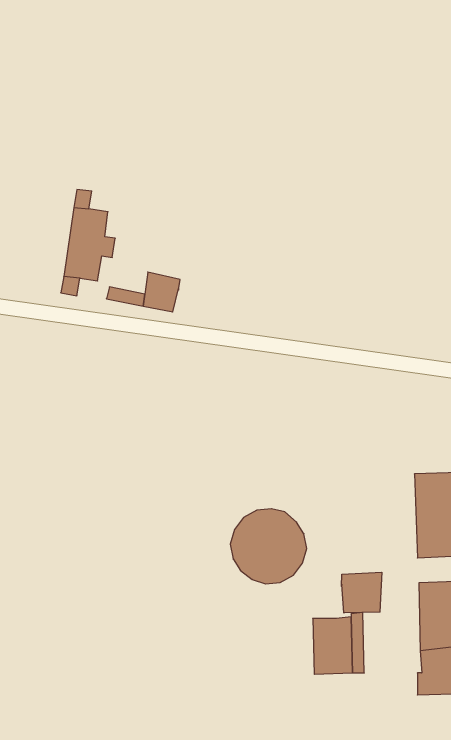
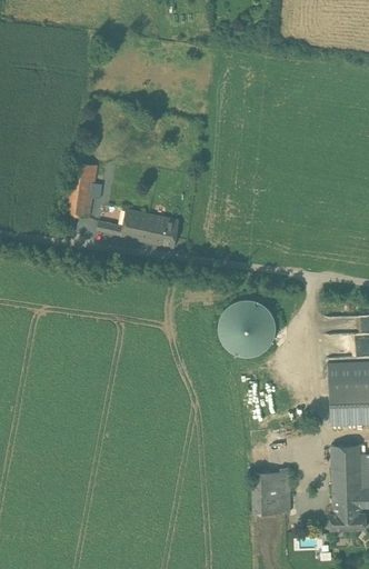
building: none -> [146,216,177,246]
building: [230,509,307,584] -> [218,299,276,356]
building: [342,572,382,613] -> none

